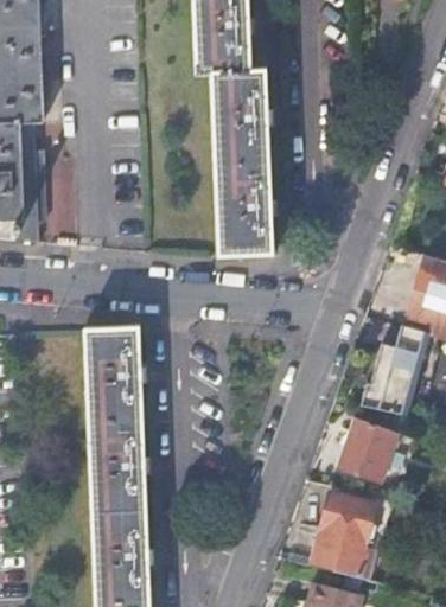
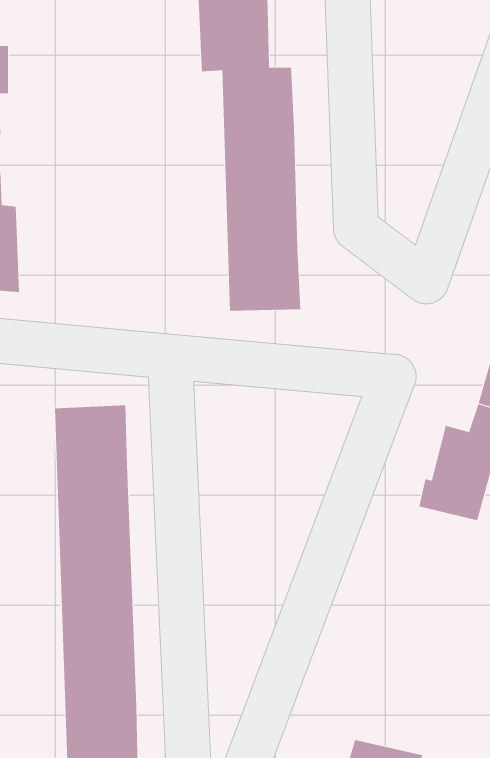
building: [339,418,397,483] -> none
building: [288,493,375,575] -> none

